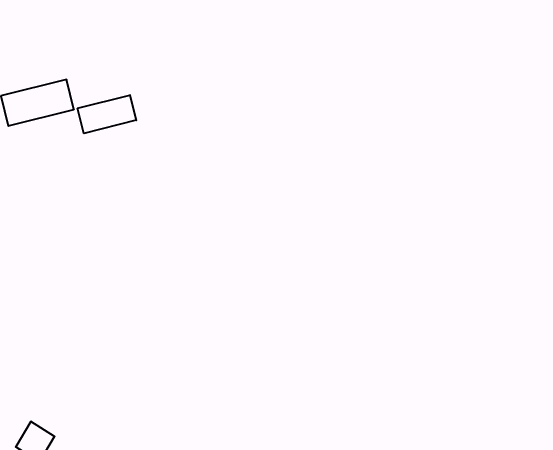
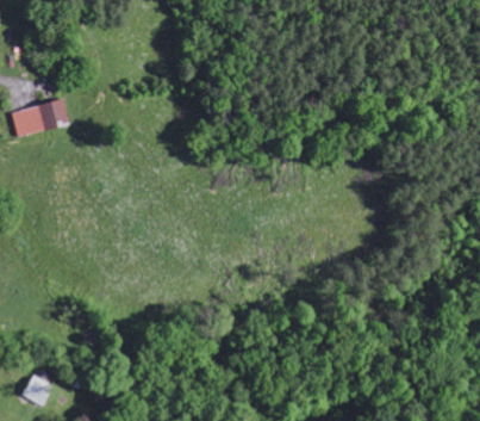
building: [78,95,136,133] -> none

